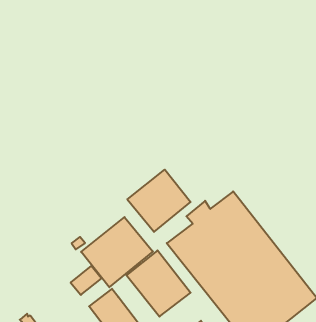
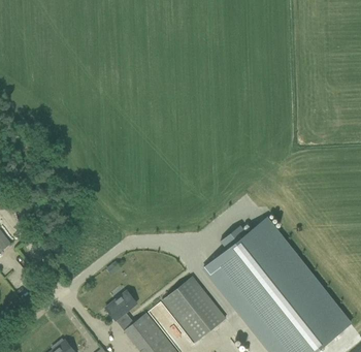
building: [127,170,191,232] -> none
building: [81,217,153,287] -> none

